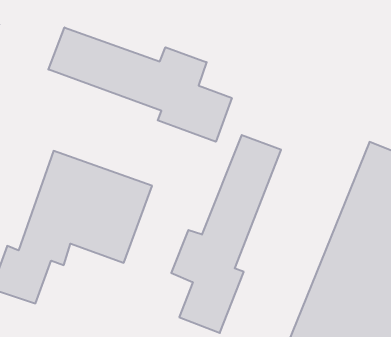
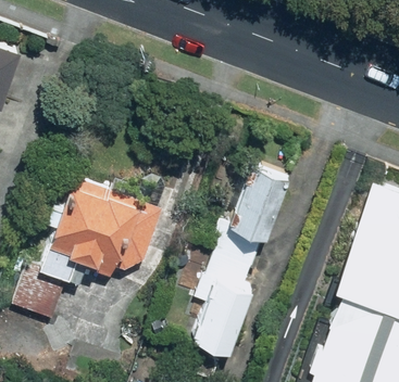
building: [48,27,232,142] -> none

